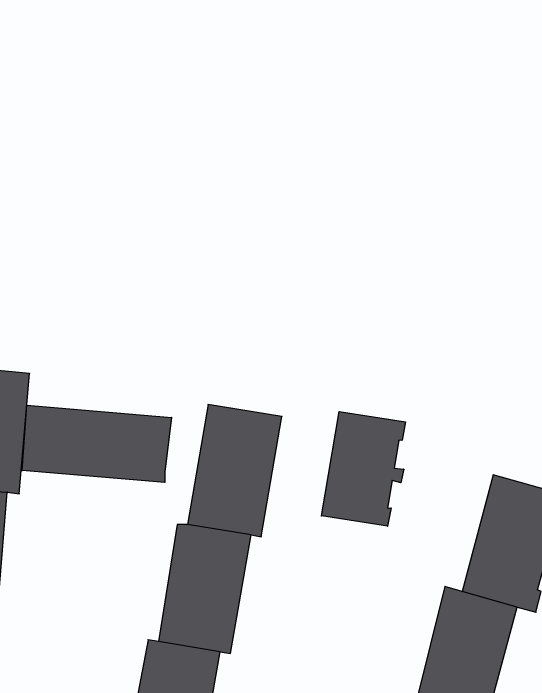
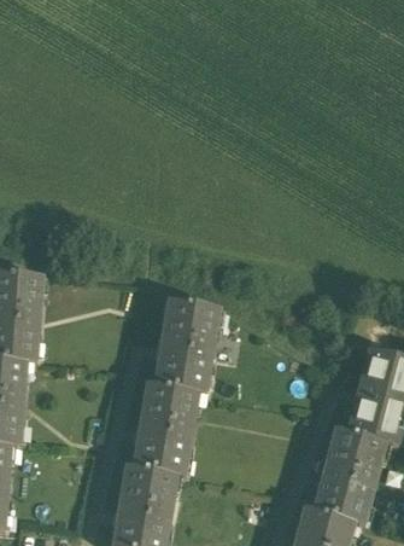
building: [22,405,172,482] -> none
building: [321,412,405,526] -> none

